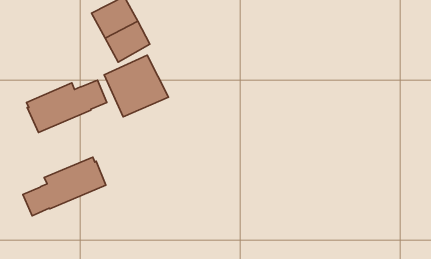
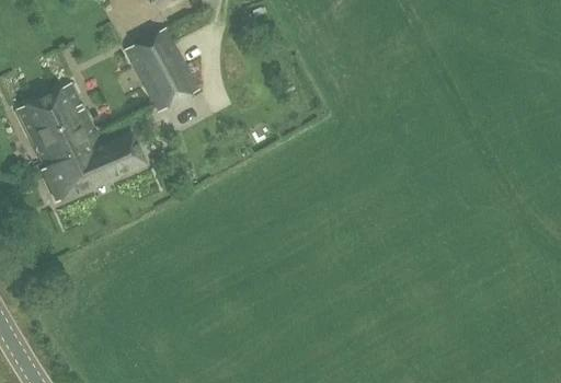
building: [104,55,169,117] -> [16,84,99,163]
building: [23,157,106,216] -> none

